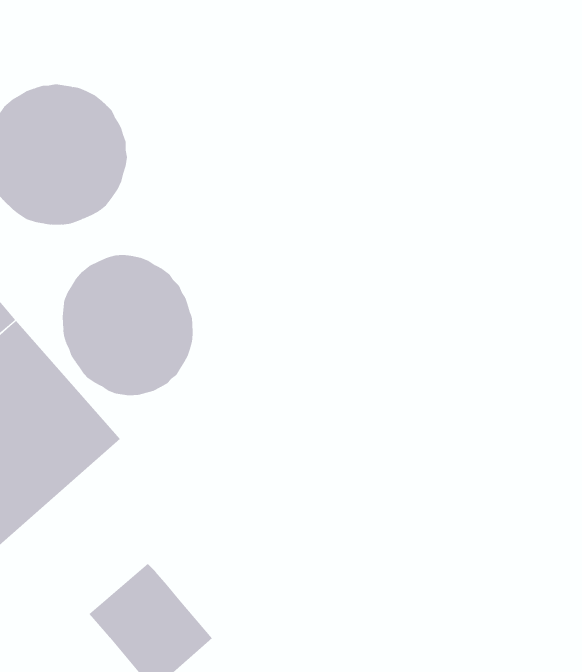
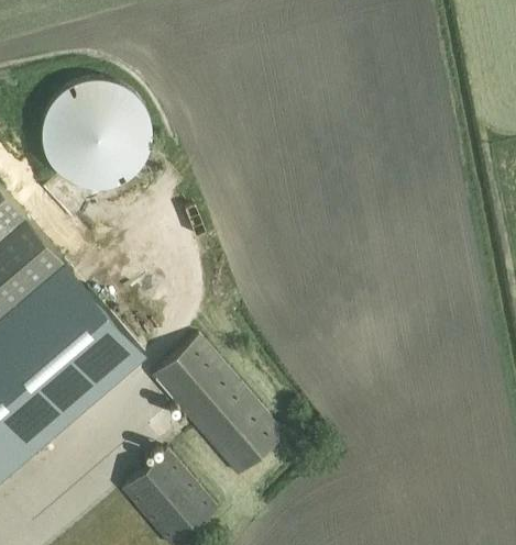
building: [62,254,193,396] -> none
building: none -> [150,336,285,478]

